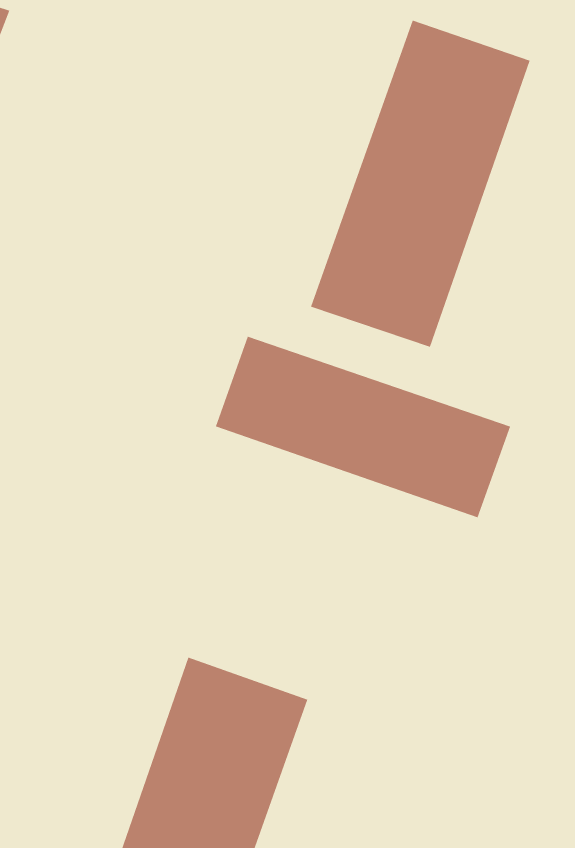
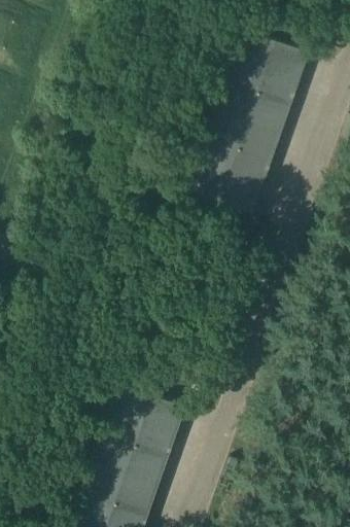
building: [215,336,511,518] -> none

